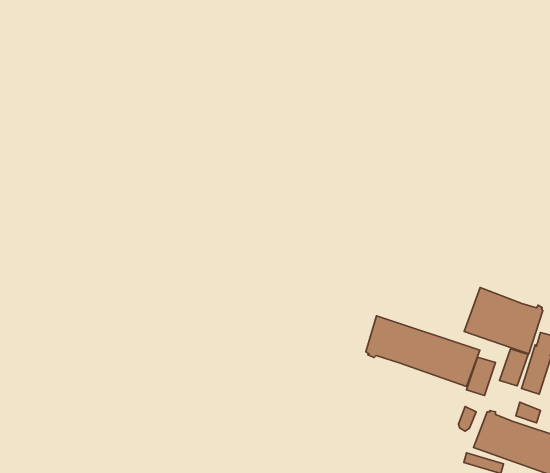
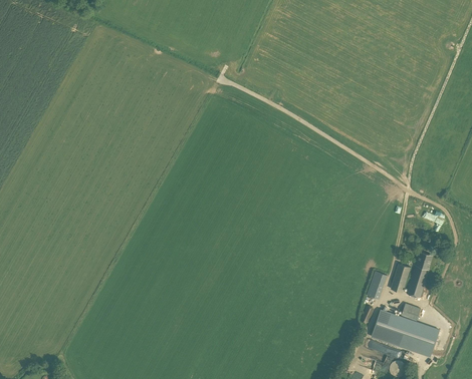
building: [464,287,543,354] -> none
building: [366,316,480,386] -> none

